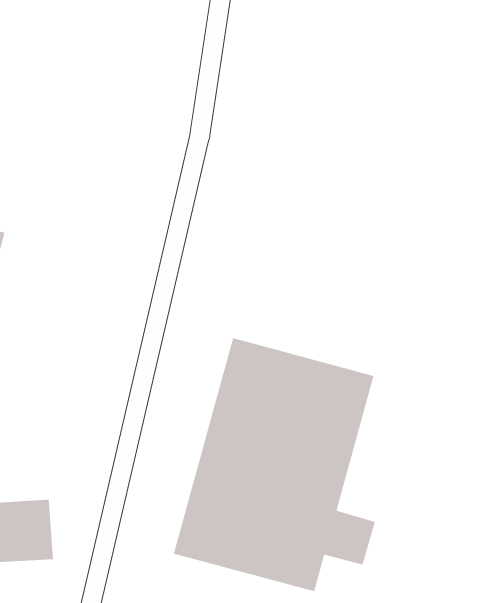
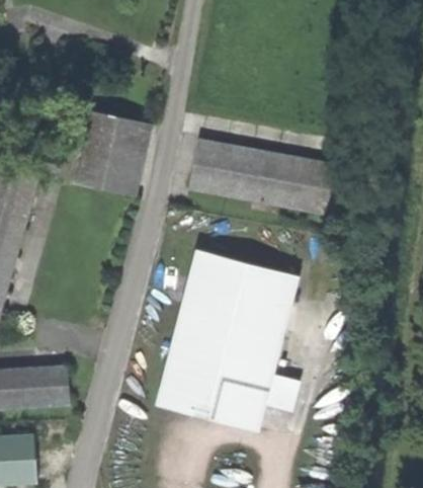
building: none -> [76,111,151,194]
building: none -> [187,138,345,218]

